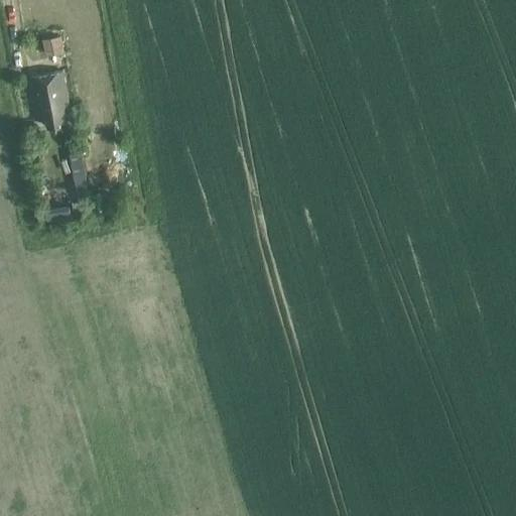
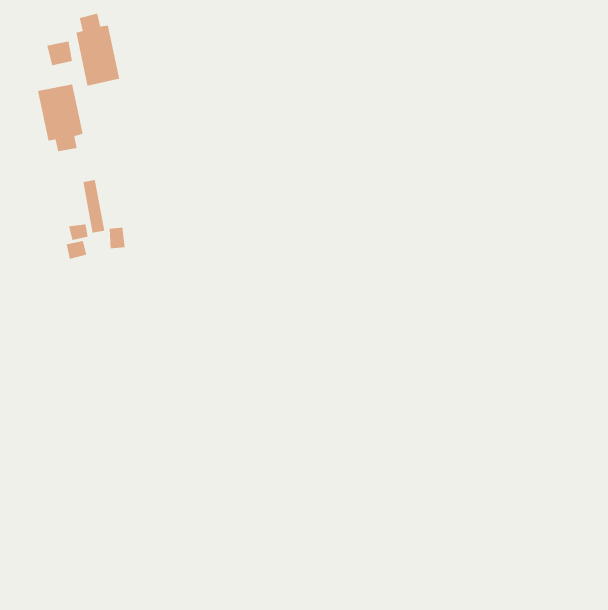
building: none -> [76,13,120,86]

